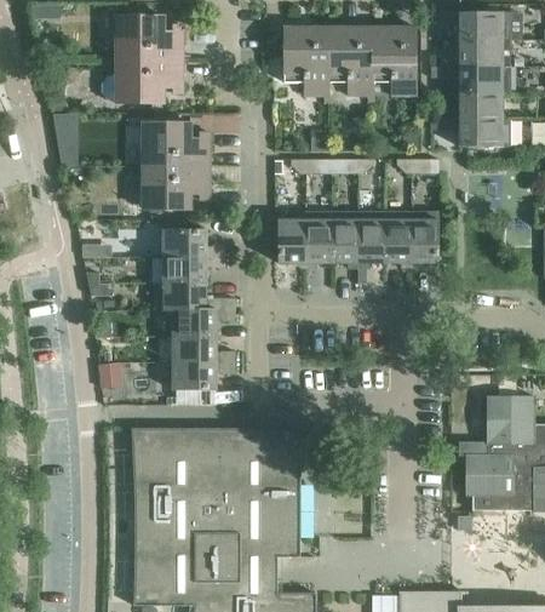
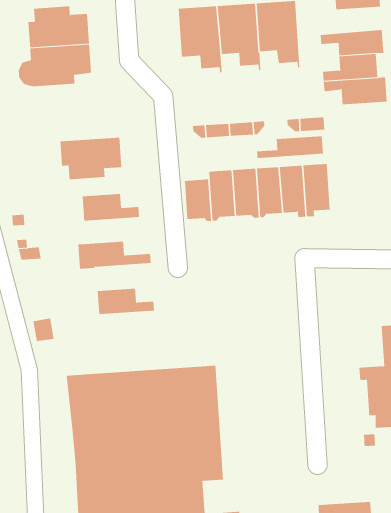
building: [440,40,510,67] -> none
building: [142,122,210,166] -> none
building: none -> [257,135,324,159]
building: [162,257,225,282] -> none
building: [172,309,235,336] -> none
building: [172,362,235,390] -> none

